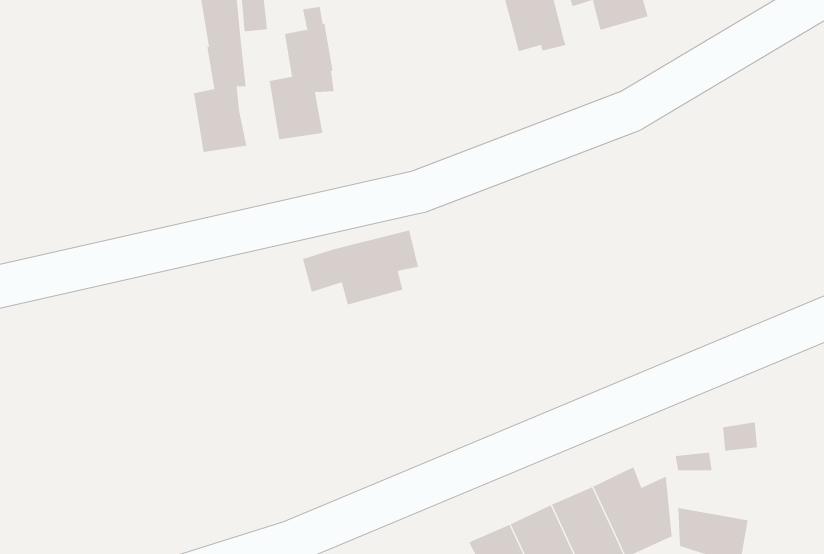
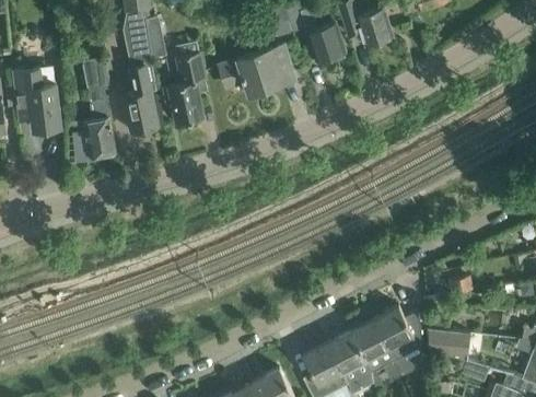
building: none -> [67,59,115,159]
building: none -> [12,69,60,135]
building: [302,230,419,305] -> [220,48,290,95]

